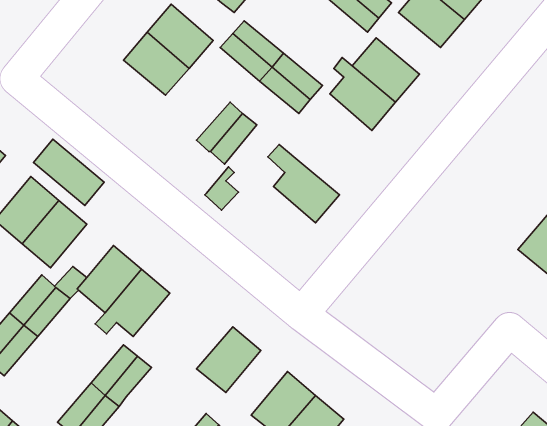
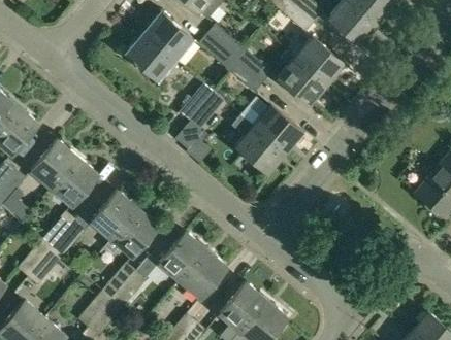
building: none -> [253,105,302,152]
building: [33,139,104,206] -> none
building: none -> [159,232,206,280]

